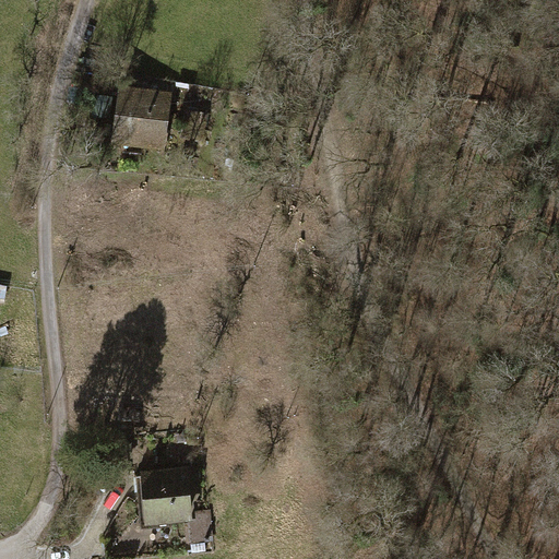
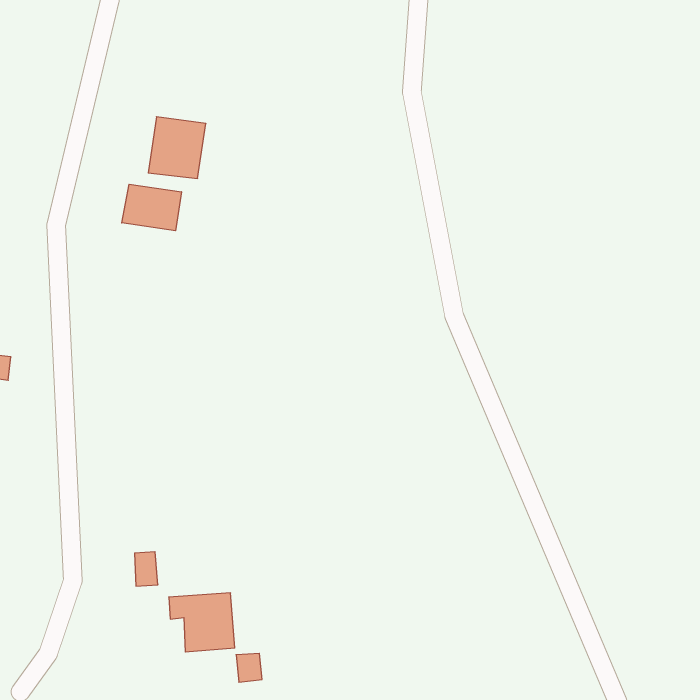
building: none -> [122,184,181,231]

